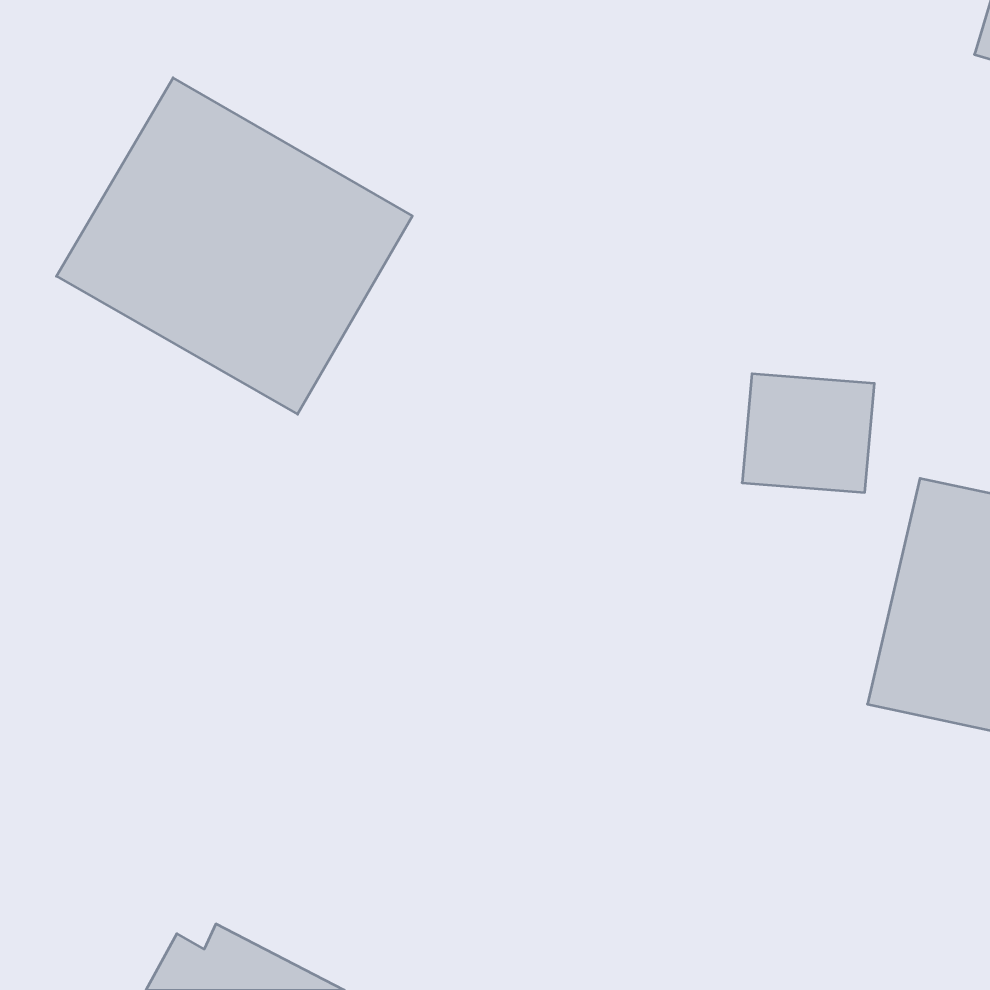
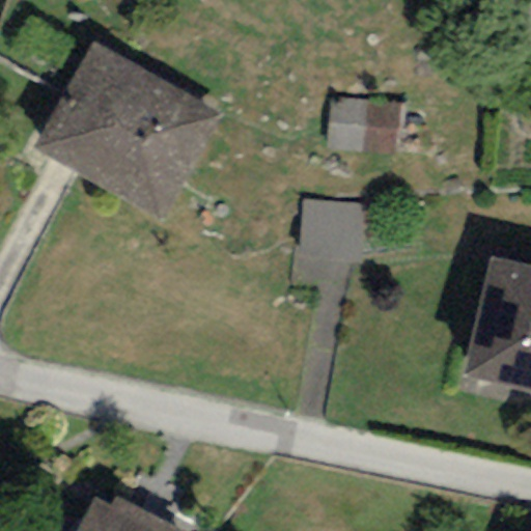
building: none -> [328,97,402,155]
building: [742,374,874,492] -> [298,199,368,262]

